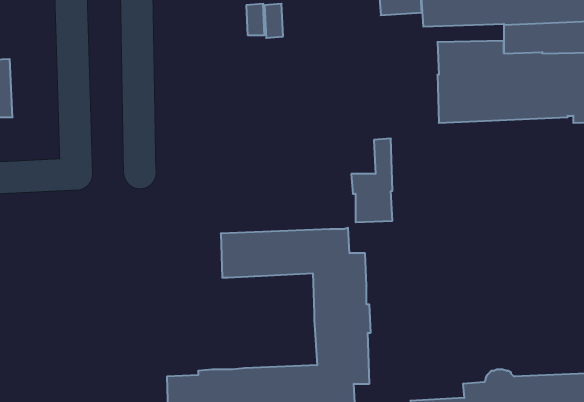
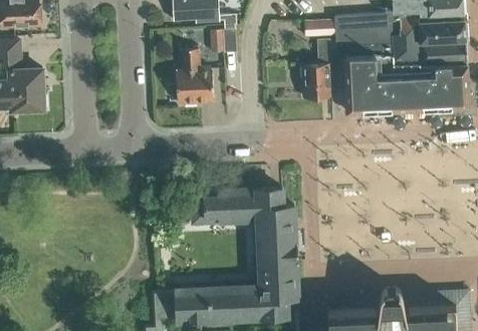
building: none -> [176,48,213,104]
building: [351,139,392,222] -> [301,39,330,98]

